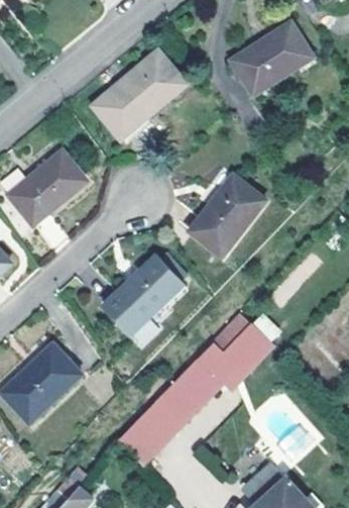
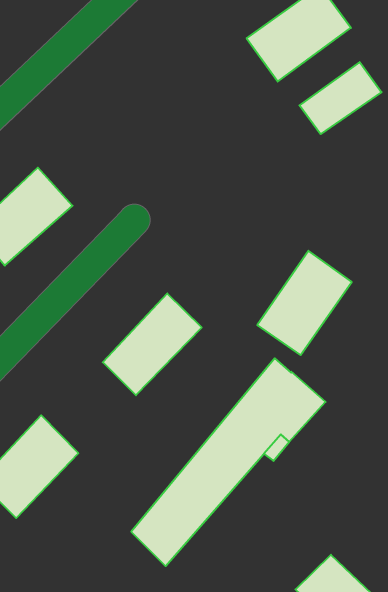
building: [94,49,186,136] -> none
building: none -> [299,62,382,134]
building: [190,174,265,255] -> [257,251,352,355]

